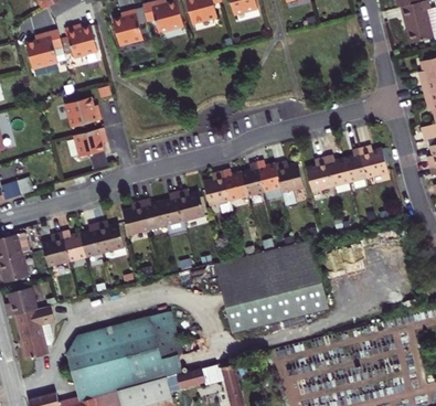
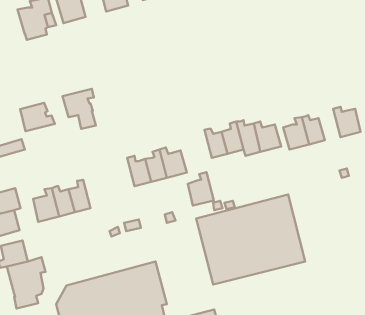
building: [65,97,102,127] -> [20,103,55,131]
building: [343,148,366,181] -> none
building: [203,170,231,205] -> [188,172,214,206]
building: [123,200,149,235] -> none
building: [95,221,124,253] -> none

